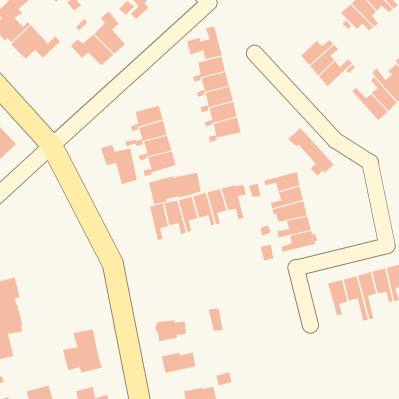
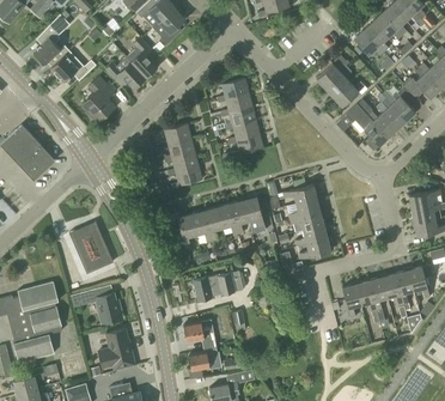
building: [186,26,222,60] -> none
building: none -> [81,78,114,122]
building: [288,127,334,176] -> [345,104,388,150]
building: [100,144,138,185] -> none
building: [148,172,202,205] -> [194,272,243,302]
building: none -> [69,223,114,274]
building: none -> [81,288,122,324]

